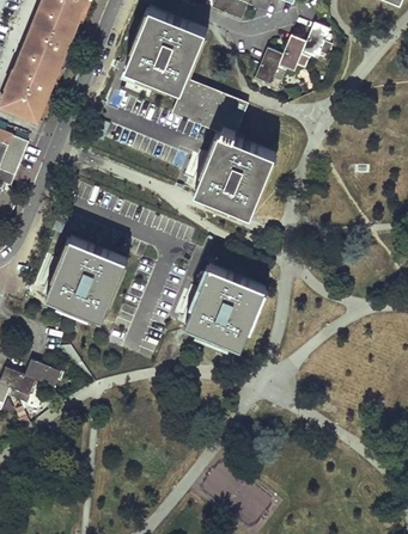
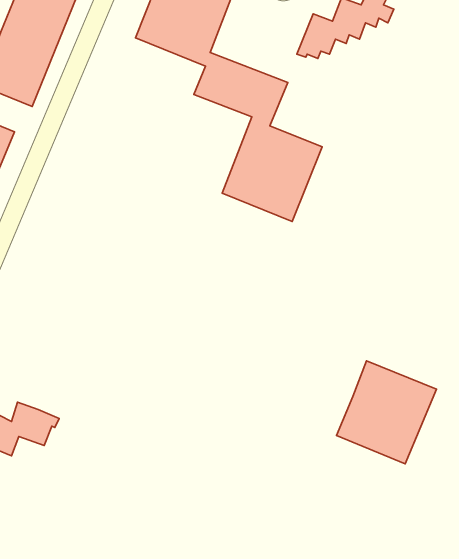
building: [45,237,126,320] -> none
building: [184,265,264,348] -> [337,361,437,464]

